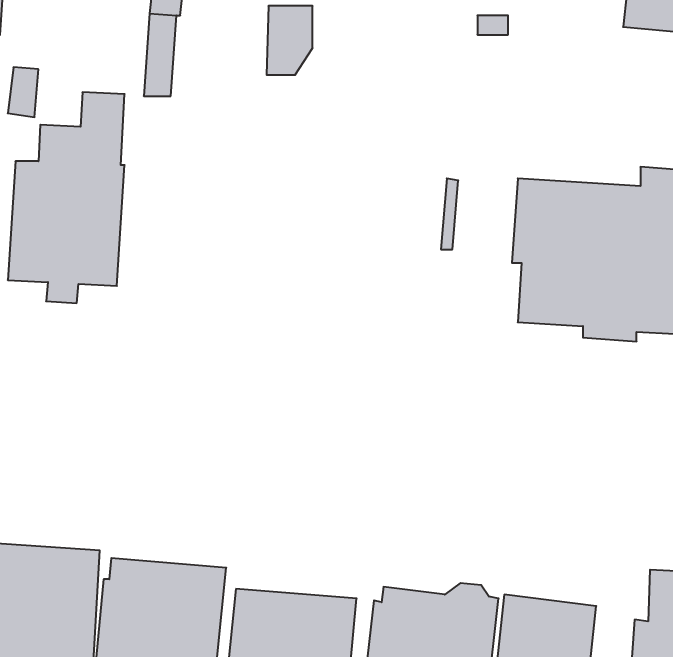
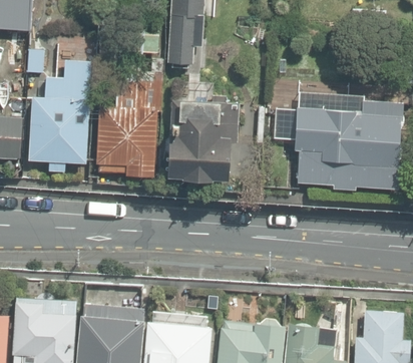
building: none -> [96,70,165,180]
building: none -> [168,95,239,180]

